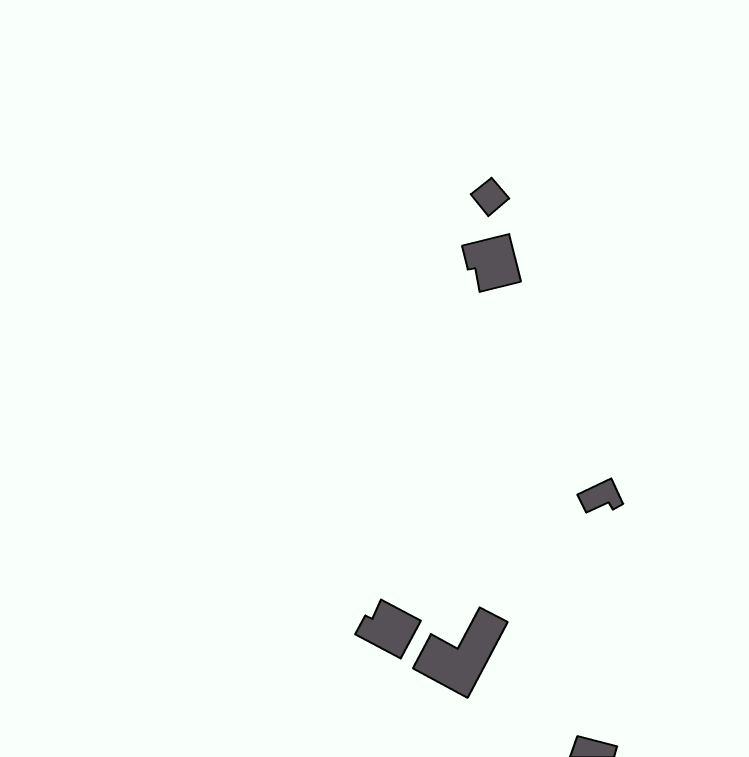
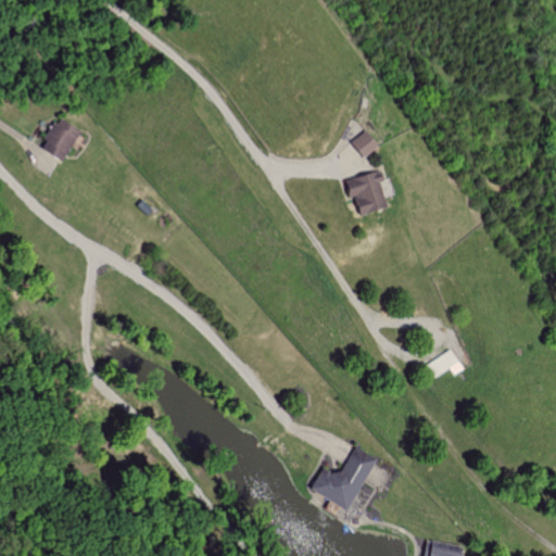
building: none -> [39,117,83,163]
building: [355,599,421,659] -> none

